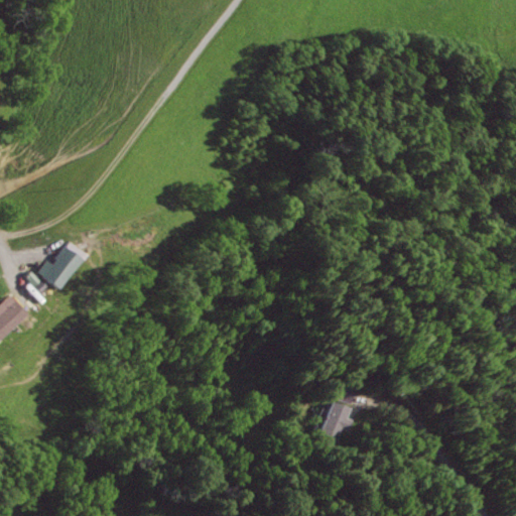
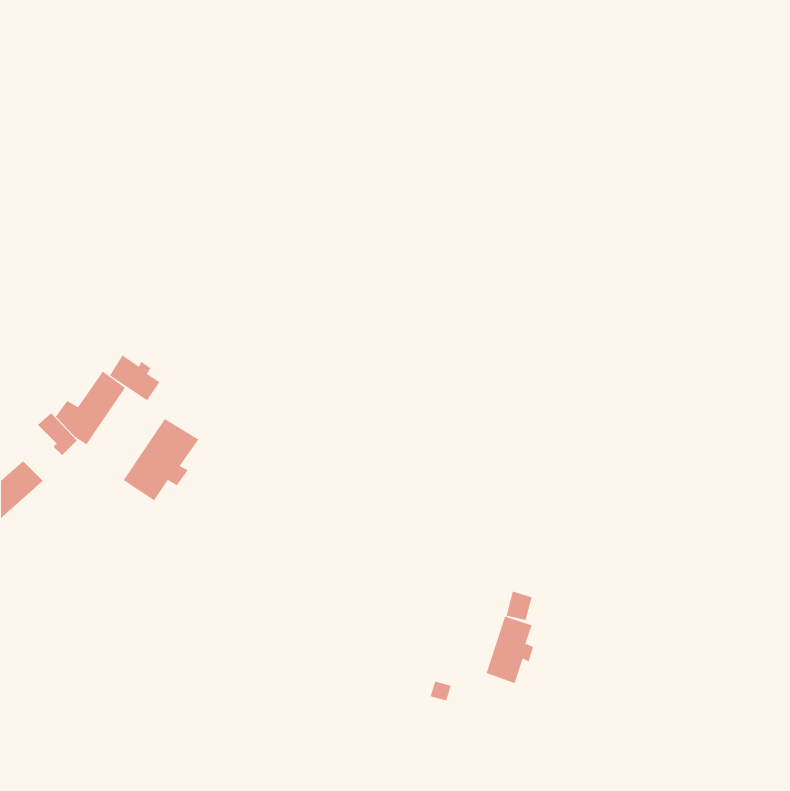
building: none -> [109,355,160,401]
building: none -> [123,418,199,501]

